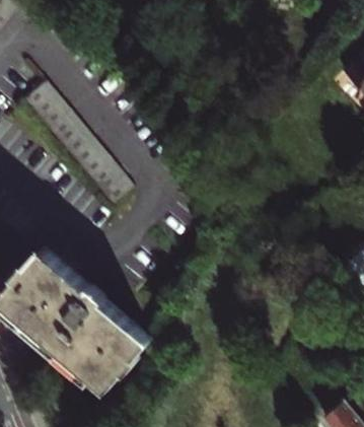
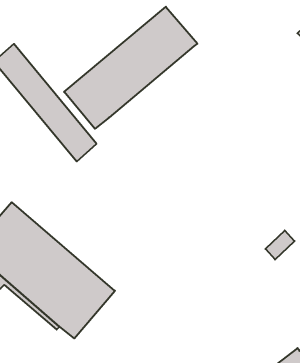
building: none -> [64,7,197,129]

